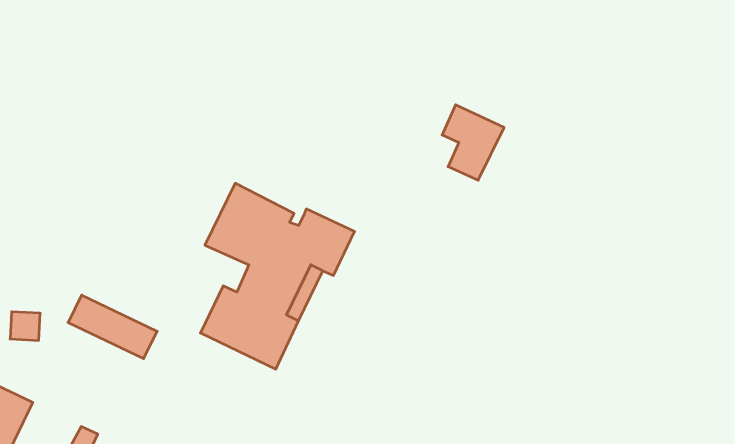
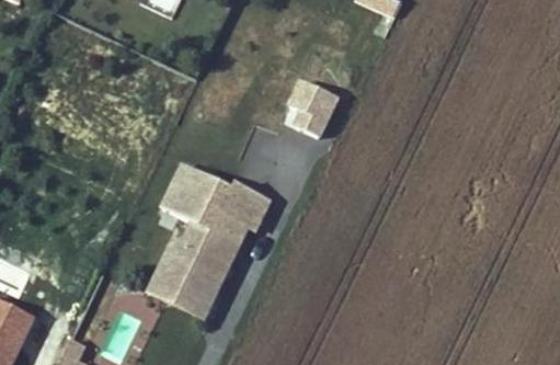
building: [442,105,504,180] -> [286,78,331,133]
building: [68,295,157,359] -> [148,271,213,317]

